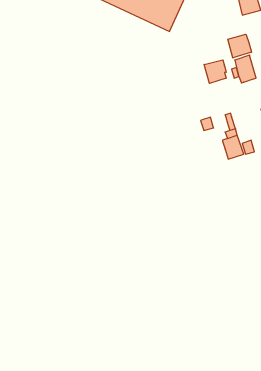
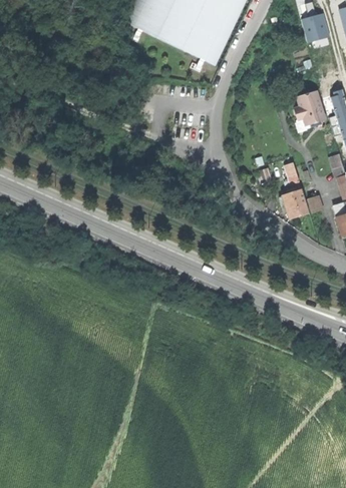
building: [228,34,252,58] -> none
building: [204,60,226,83] -> none

